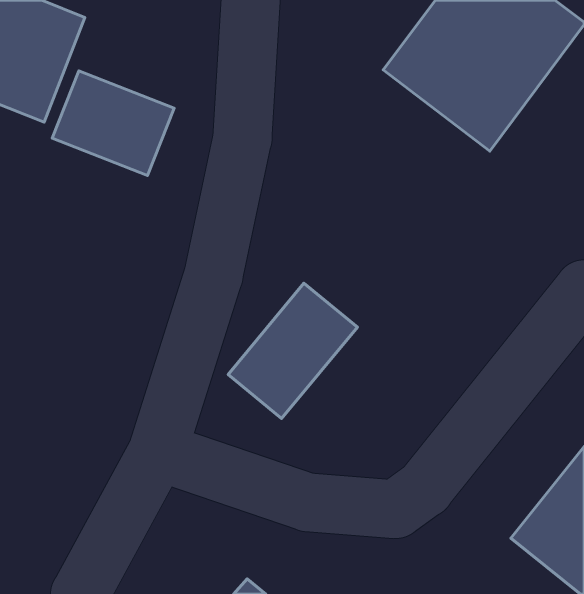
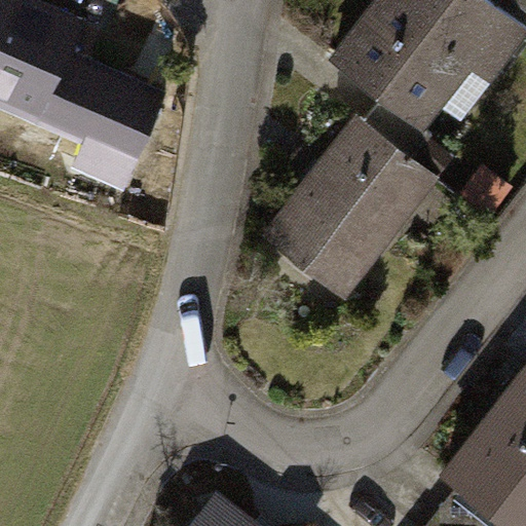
building: none -> [265,119,427,291]
building: [228,283,357,418] -> none

